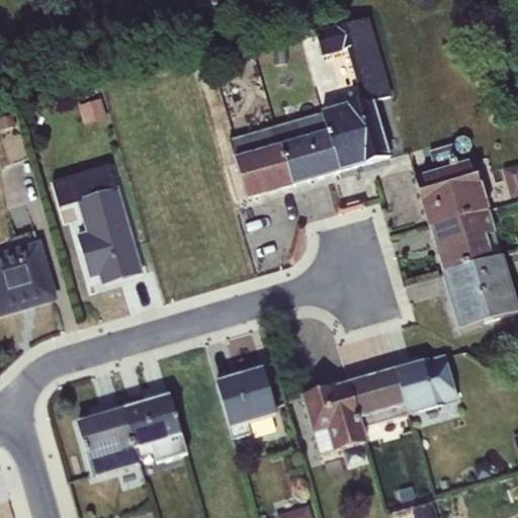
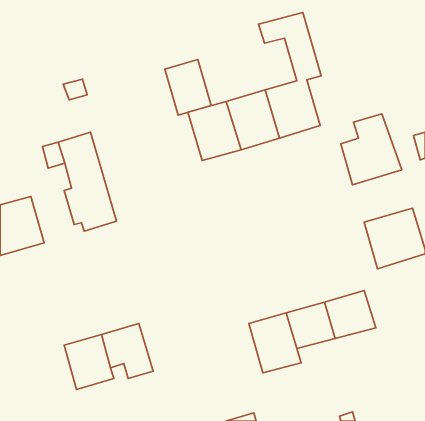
building: none -> [165,60,211,115]
building: [429,206,502,270] -> none
building: [215,366,276,436] -> none

